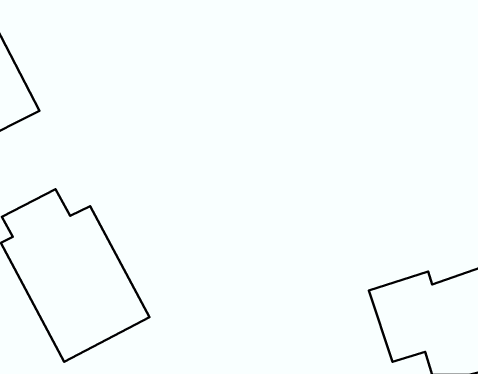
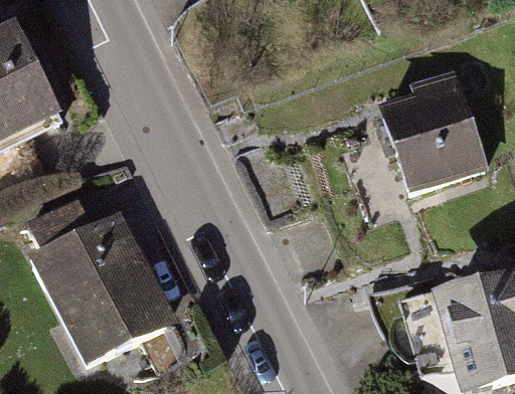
building: none -> [379,70,491,194]

